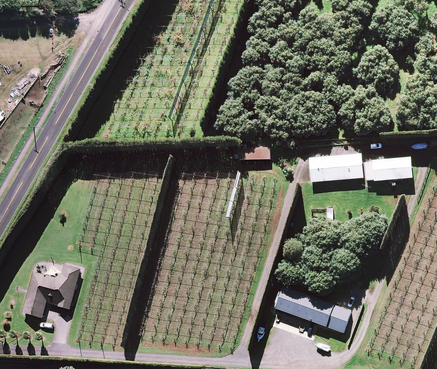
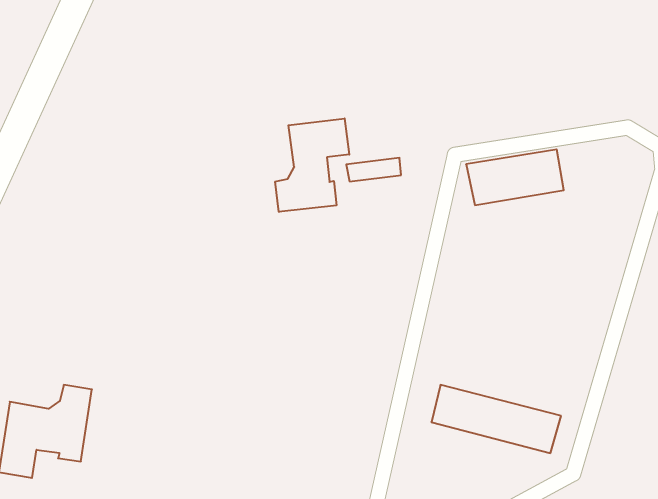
building: none -> [275,118,349,212]
building: [365,156,413,181] -> none

